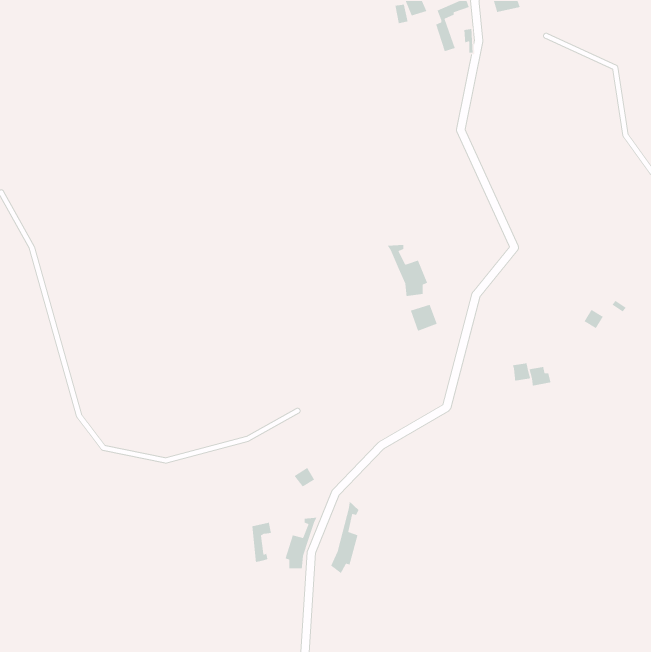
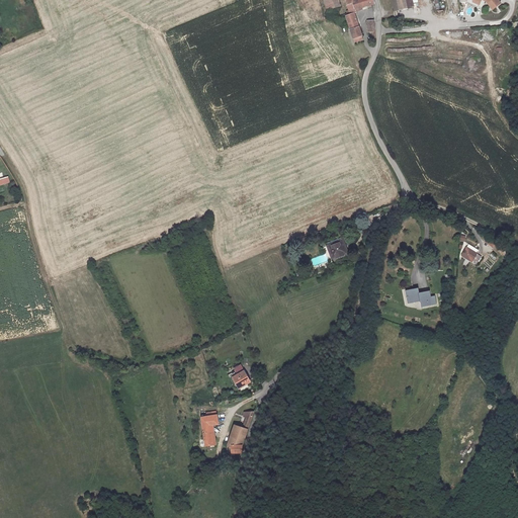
building: [387,244,428,297] -> none
building: [330,501,359,574] -> none

